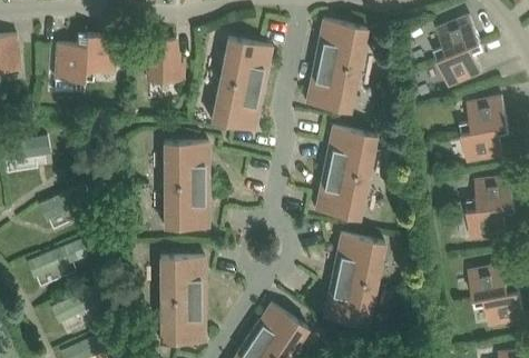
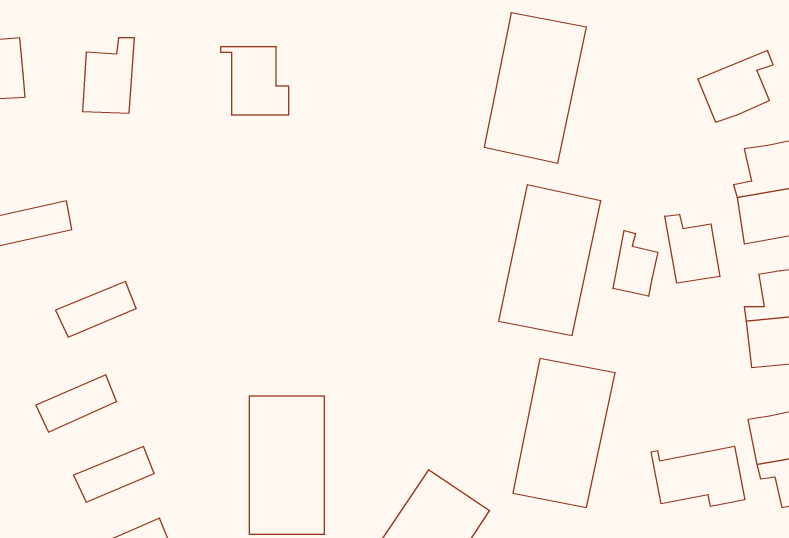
building: [434,16,481,60] -> none
building: [85,34,116,81] -> none
building: [210,37,273,130] -> none
building: [163,142,210,228] -> none
building: none -> [665,214,720,283]
building: none -> [613,230,658,296]
building: none -> [651,446,745,506]

